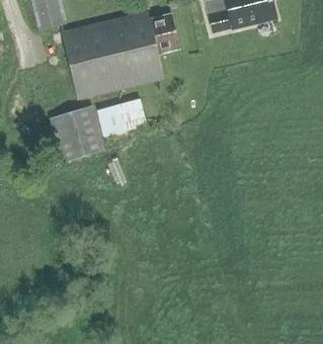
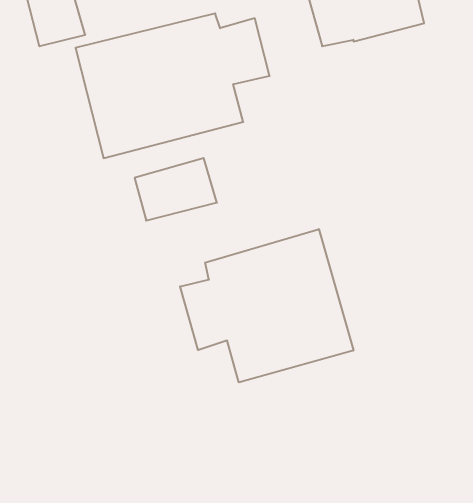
building: [50,105,104,161] -> none
building: none -> [180,229,353,382]

